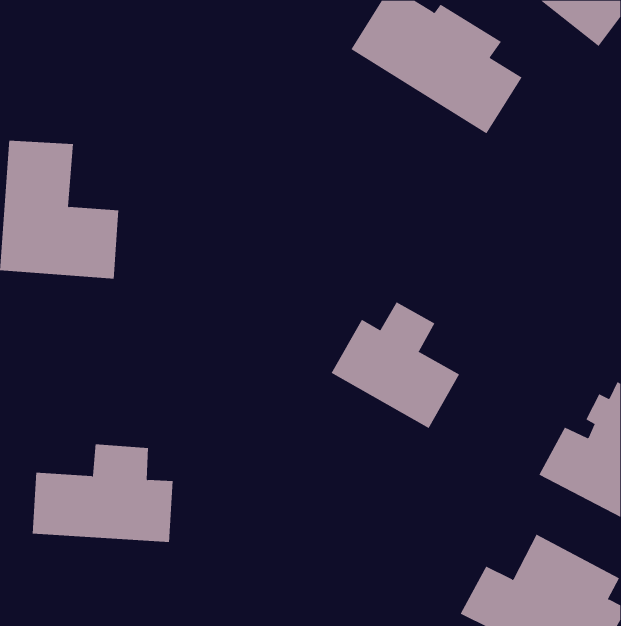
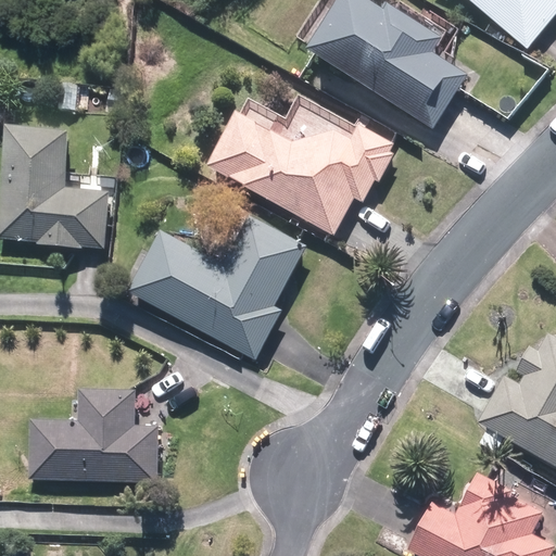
building: none -> [207,106,395,232]
building: none -> [130,223,306,355]
building: [331,302,460,429] -> none

